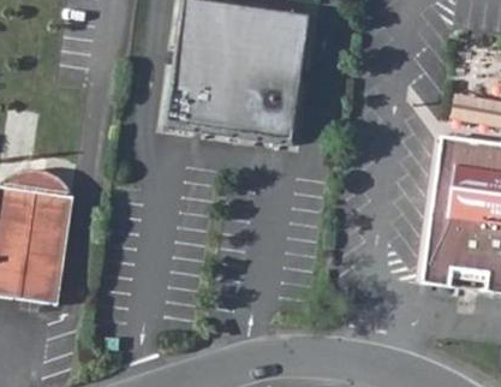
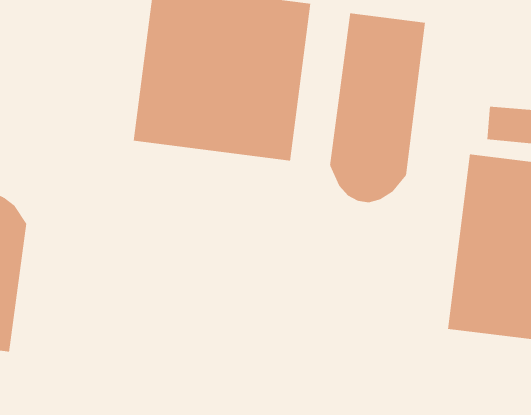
building: none -> [330,12,426,203]

